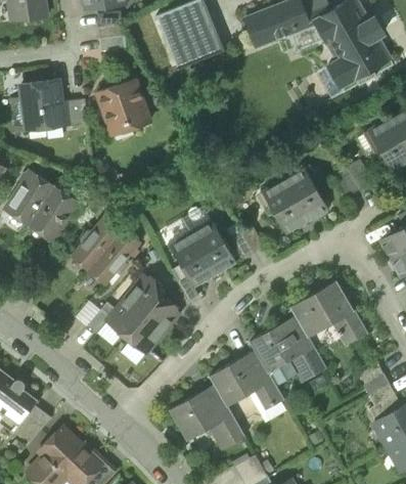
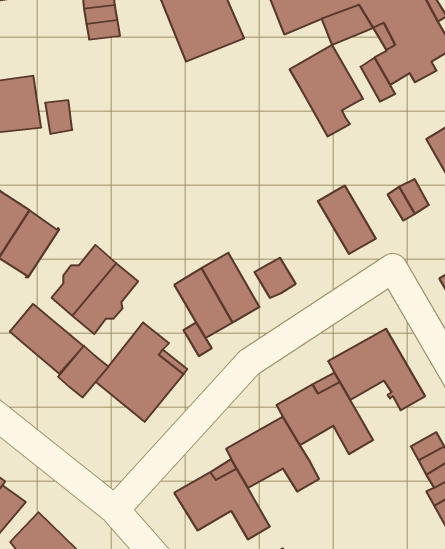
building: none -> [290,45,363,137]
building: [97,80,150,130] -> none
building: [261,179,307,234] -> none
building: none -> [10,304,83,374]
building: [268,357,307,386] -> none

